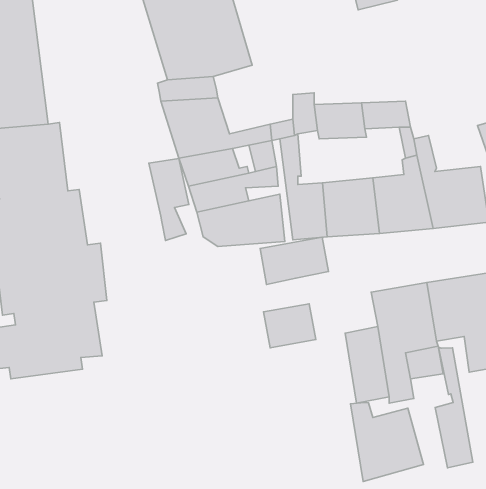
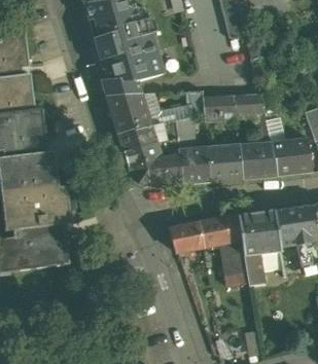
building: [149,159,189,241] -> none
building: [260,237,329,285] -> [199,216,242,246]
building: [435,347,473,468] -> none
building: [351,402,424,482] -> none

